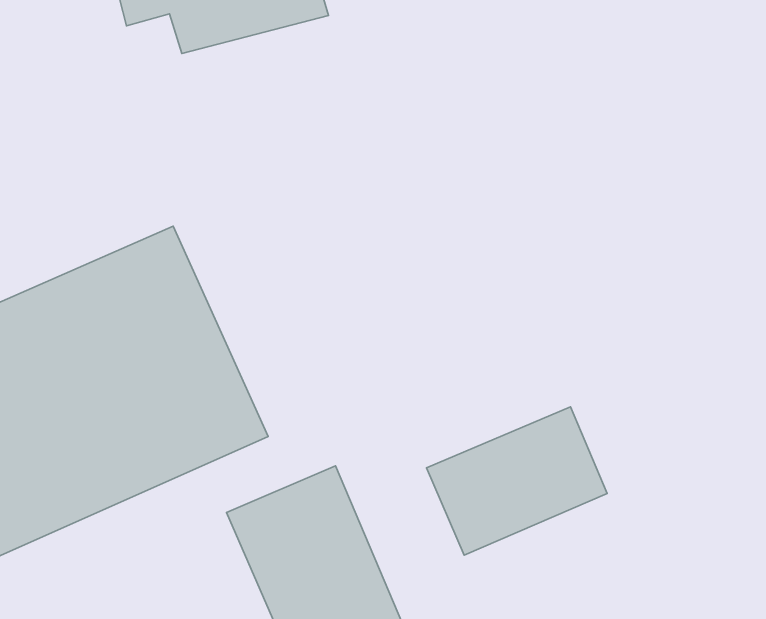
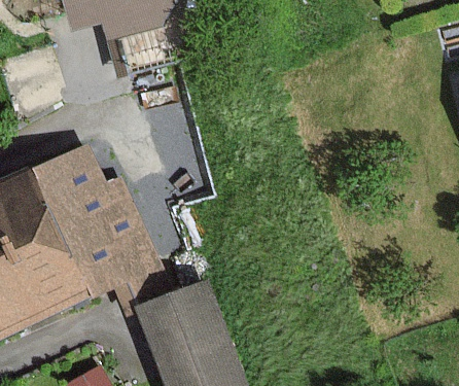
building: [427,407,607,555] -> none

